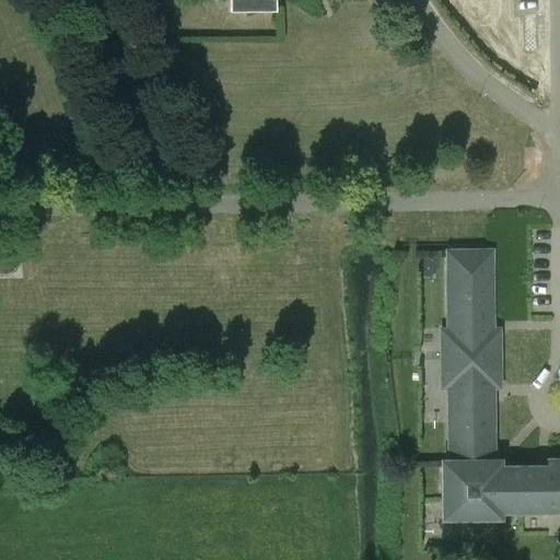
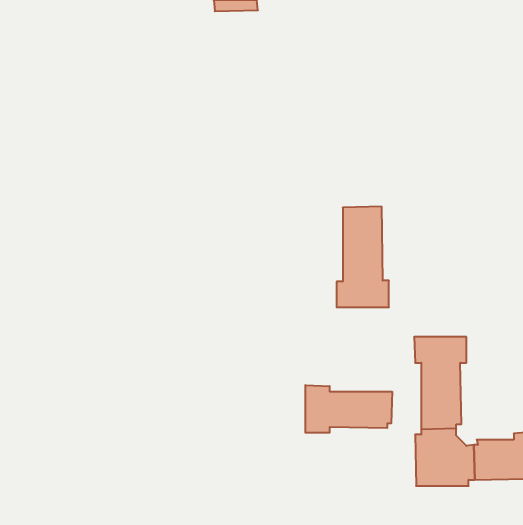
building: [443,252,499,359] -> [337,207,389,307]
building: none -> [305,385,392,433]

